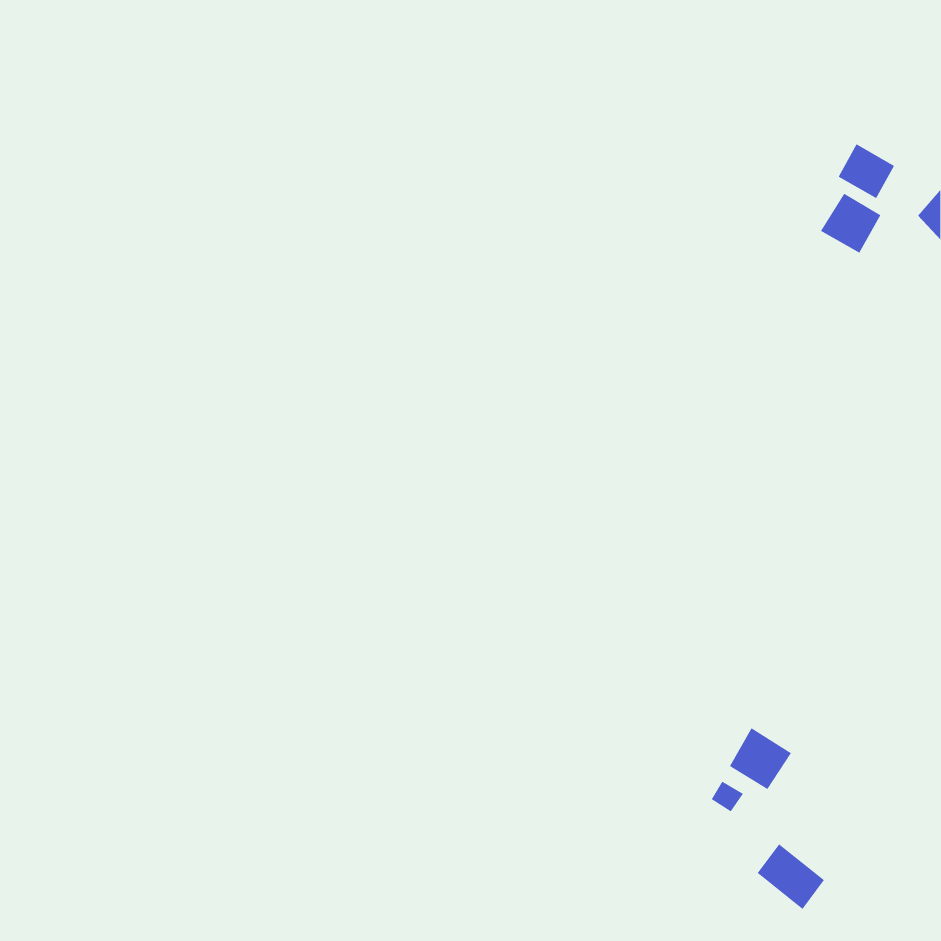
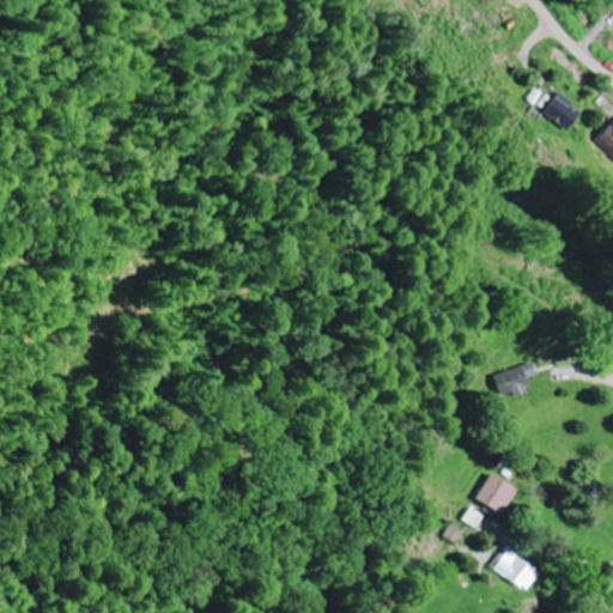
building: [820,193,881,254] -> none
building: none -> [497,363,539,396]

